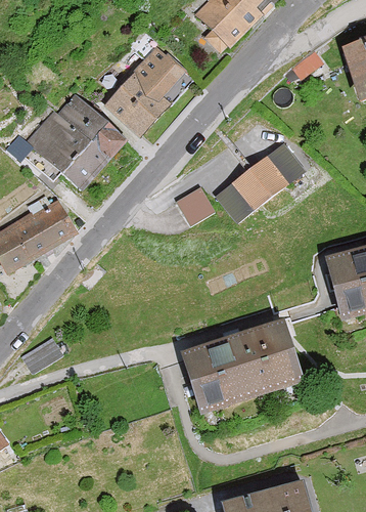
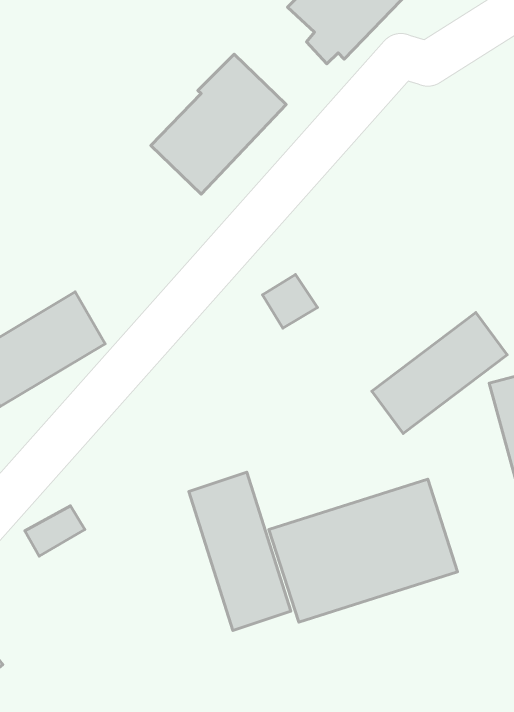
building: [26,93,126,189] -> none
building: [217,142,305,221] -> [372,312,507,434]
building: none -> [189,472,291,631]

